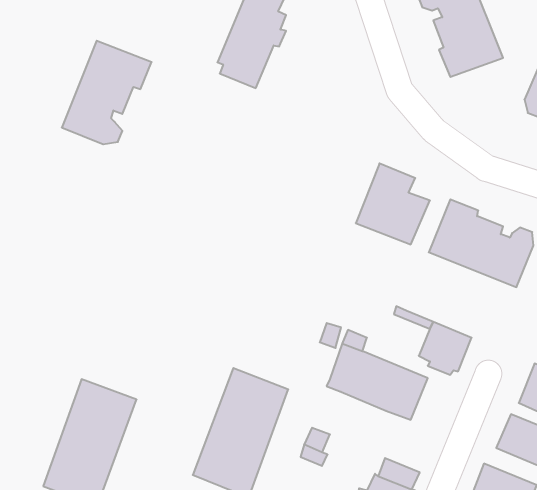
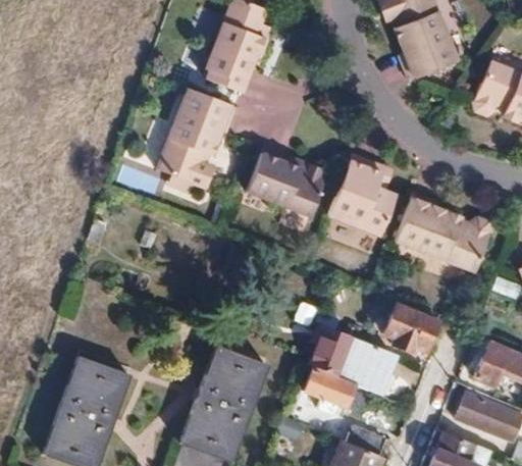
building: [62,41,152,144] -> [152,90,233,184]
building: none -> [247,154,327,214]
building: none -> [306,367,356,411]

